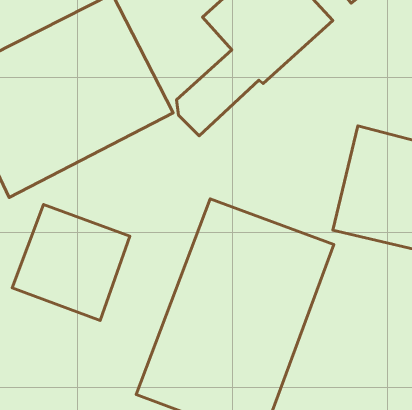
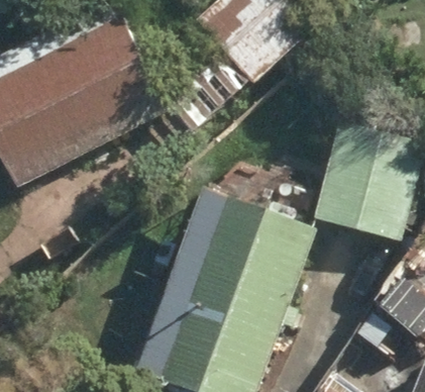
building: [12,205,130,320] -> none

